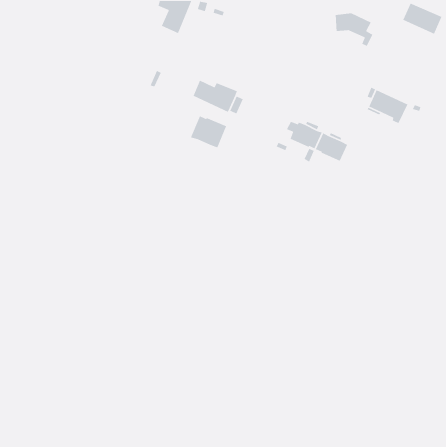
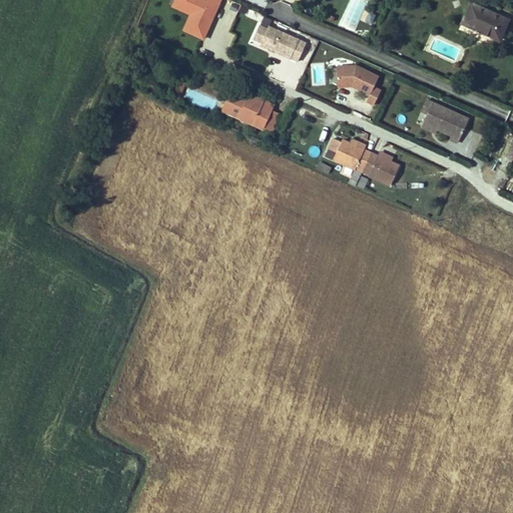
building: [335,13,373,47] -> [336,65,380,104]
building: none -> [260,25,306,61]
building: [190,115,227,149] -> none

